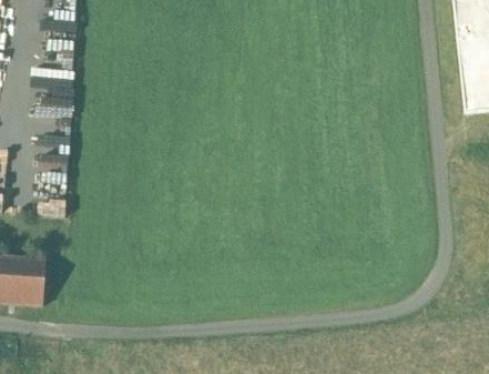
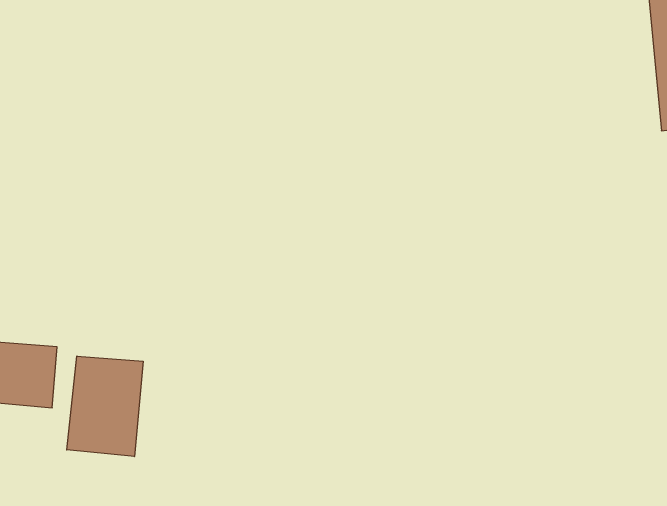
building: none -> [67,356,143,457]

